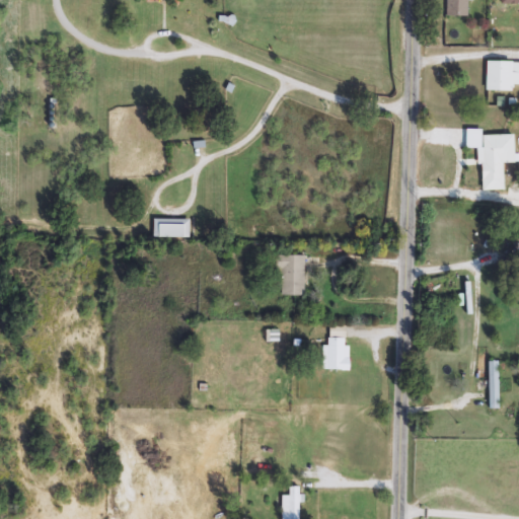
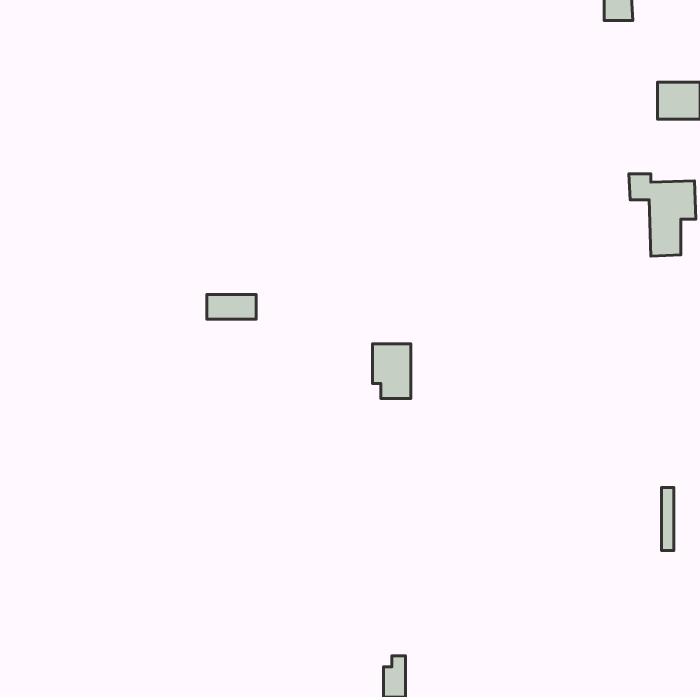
building: [325,338,348,369] -> none

